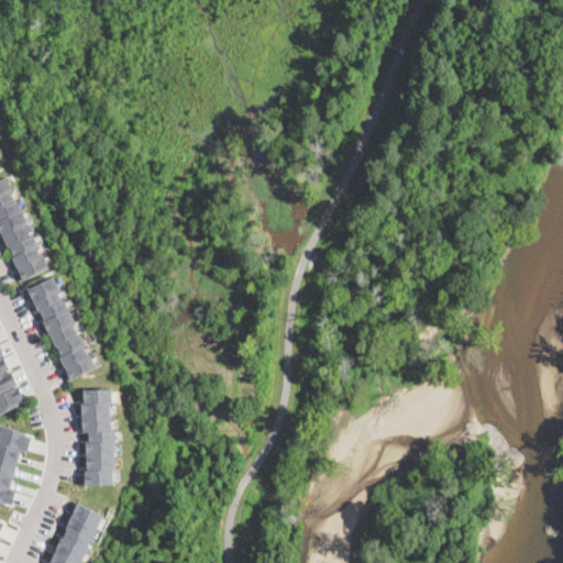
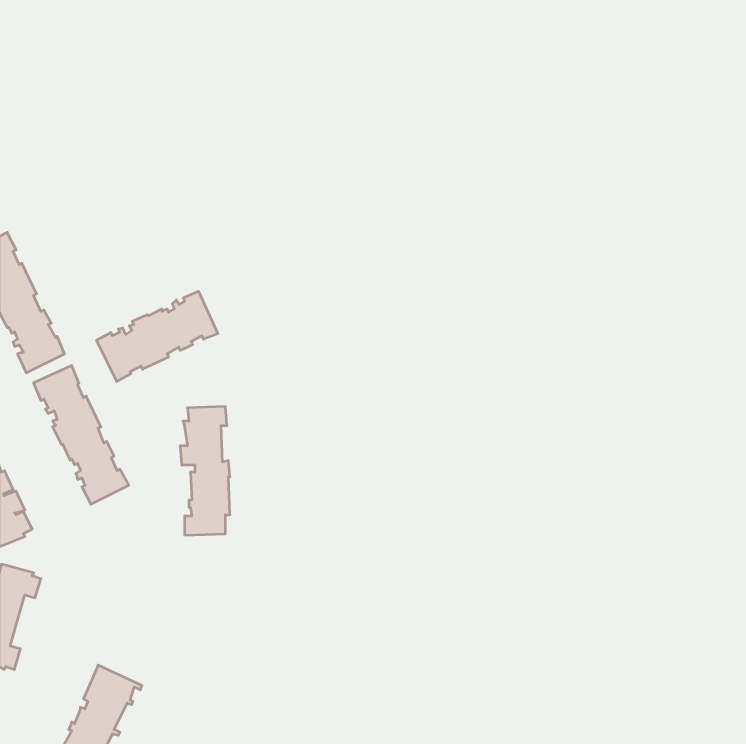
building: none -> [97,291,218,382]
building: [78,389,115,486] -> [180,407,230,535]

